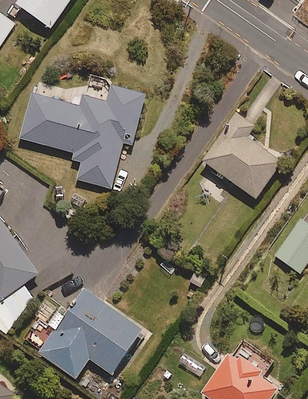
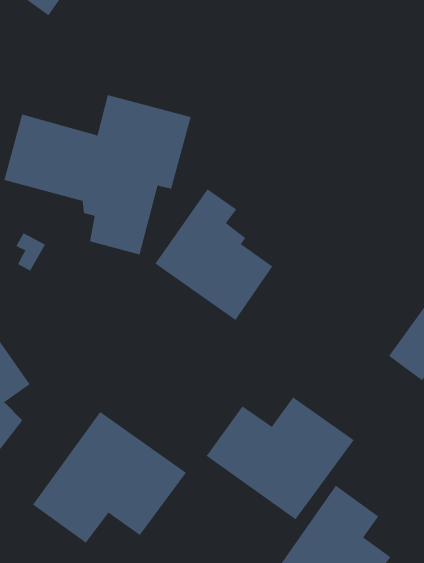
building: [201,110,280,198] -> [155,189,273,321]
building: none -> [206,397,355,520]

